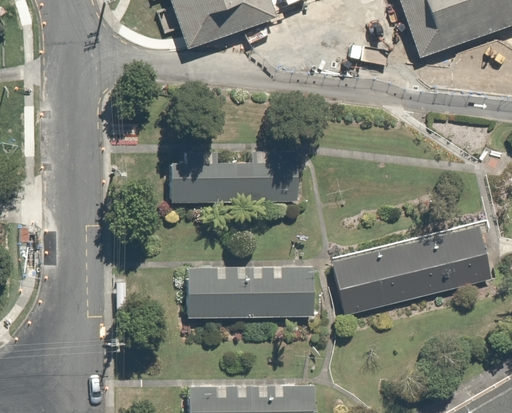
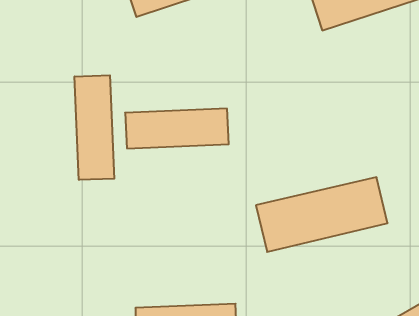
building: none -> [75,75,114,180]
building: [170,266,299,330] -> none

